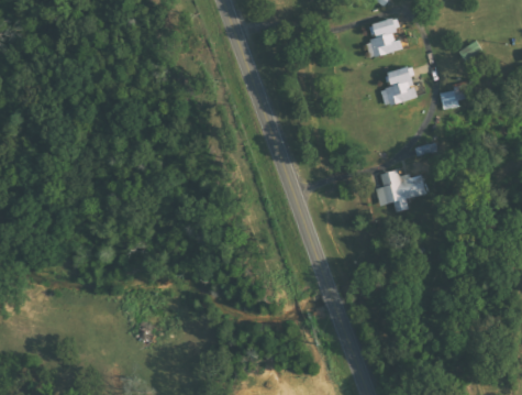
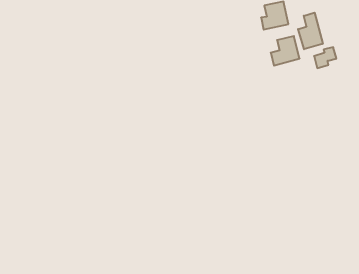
building: none -> [298,13,323,49]
building: [375,169,426,211] -> none

